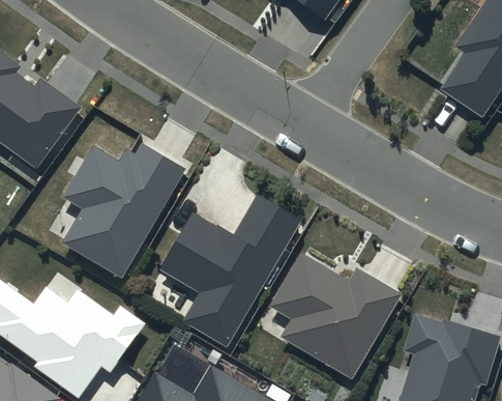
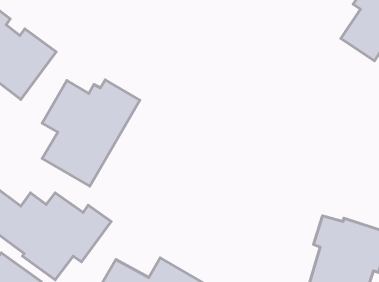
building: [159,195,300,347] -> none
building: [269,253,401,377] -> none

